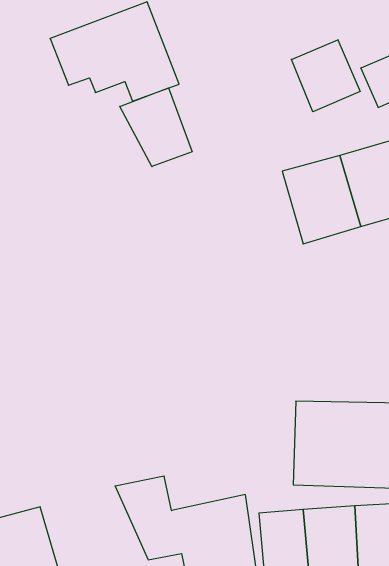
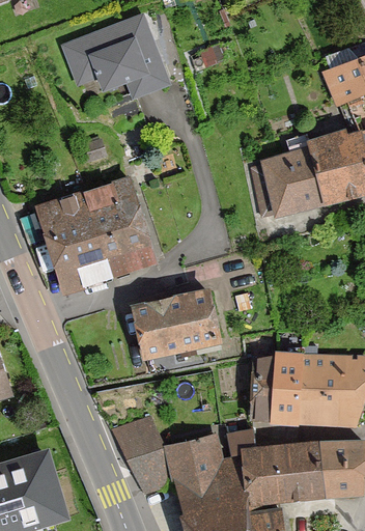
building: [291,40,360,112] -> none
building: [120,88,192,167] -> none
building: none -> [30,180,157,290]
building: none -> [128,294,222,363]

